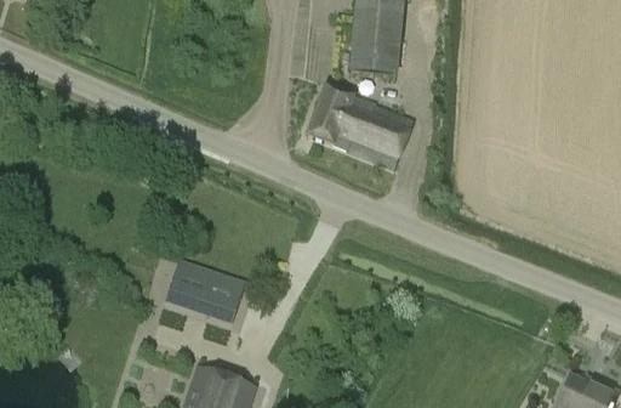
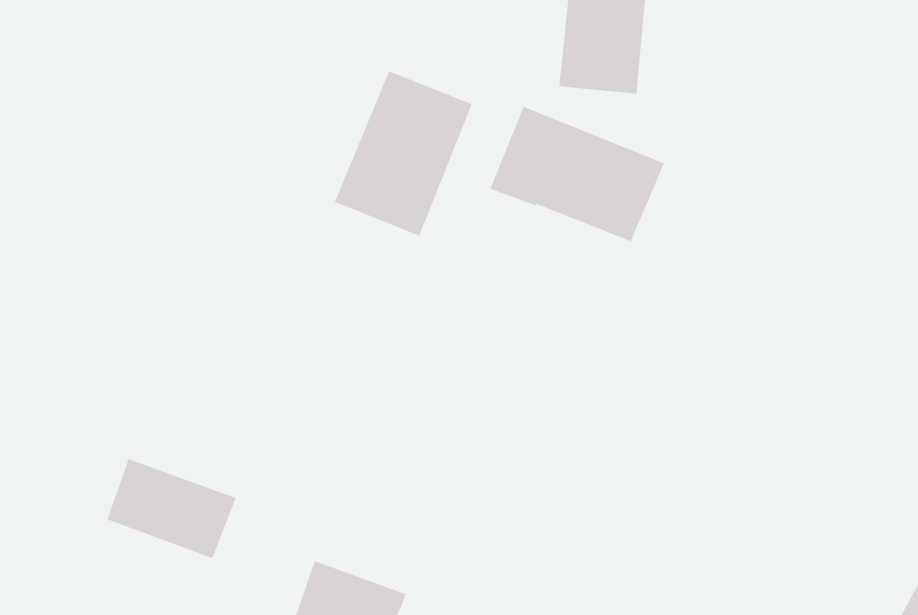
building: none -> [334,70,472,237]
building: [167,255,247,317] -> [106,459,236,559]

